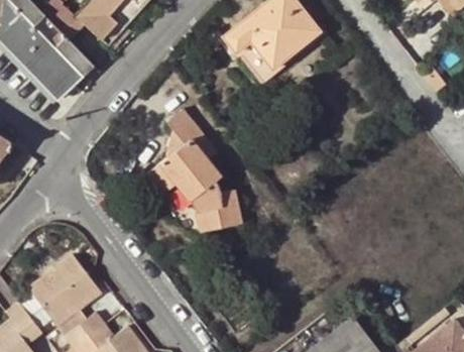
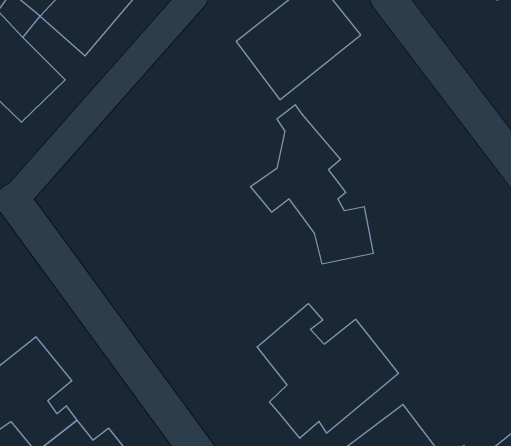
building: [151,111,245,232] -> [250,105,374,264]
building: none -> [257,304,399,438]

